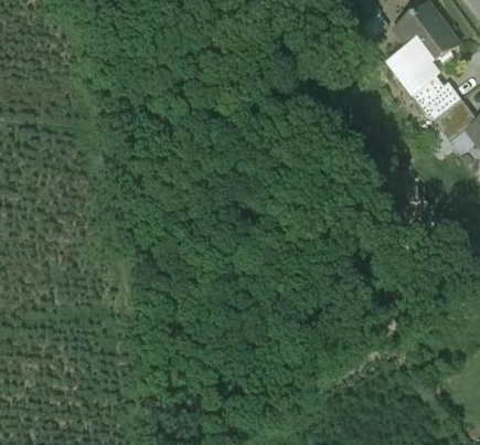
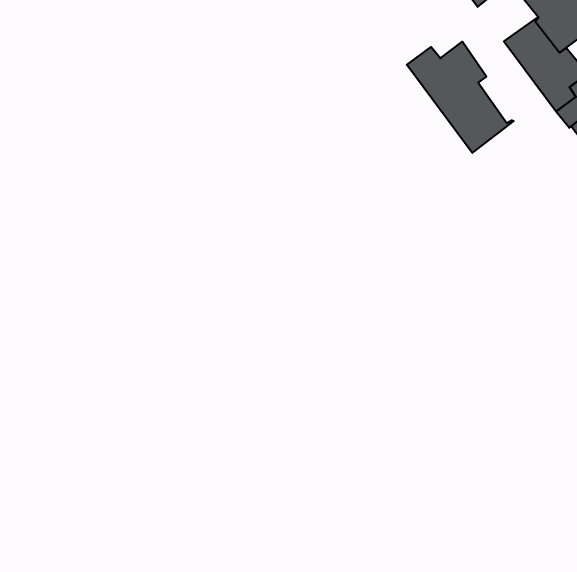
building: none -> [407,42,514,153]

